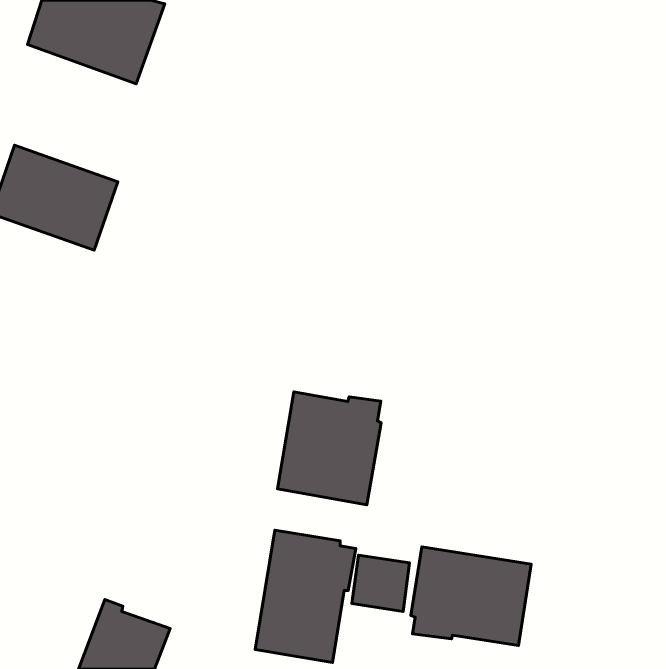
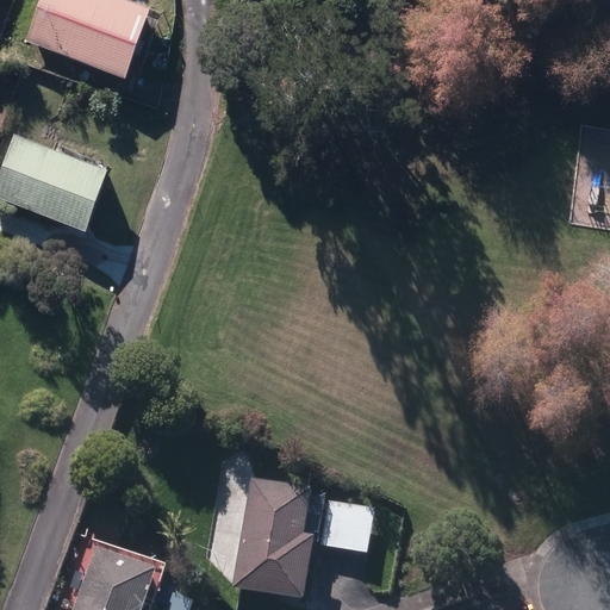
building: [277,392,381,505] -> none
building: [411,547,531,646] -> none

